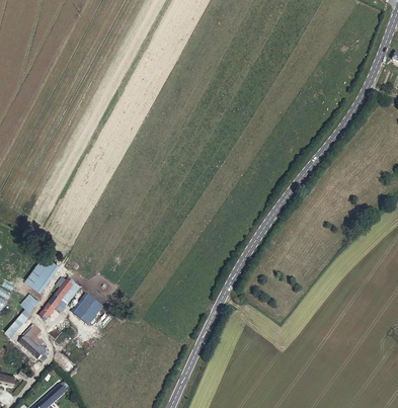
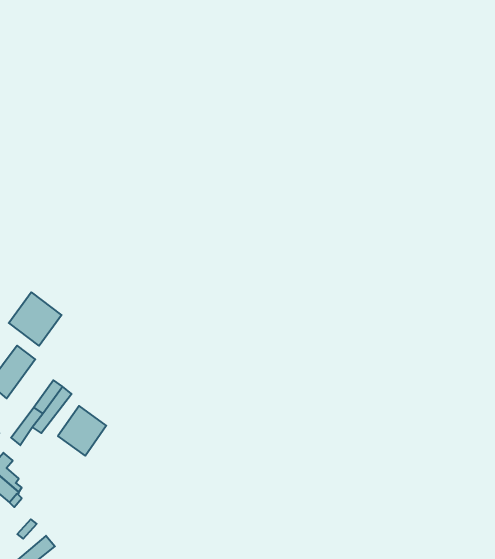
building: none -> [9,292,62,346]

